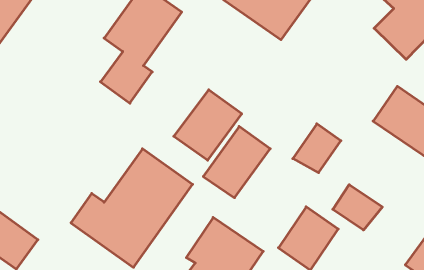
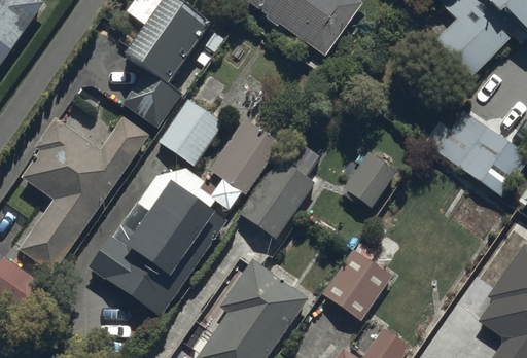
building: none -> [160,98,222,163]
building: none -> [16,116,150,274]
building: [333,185,382,230] -> none

